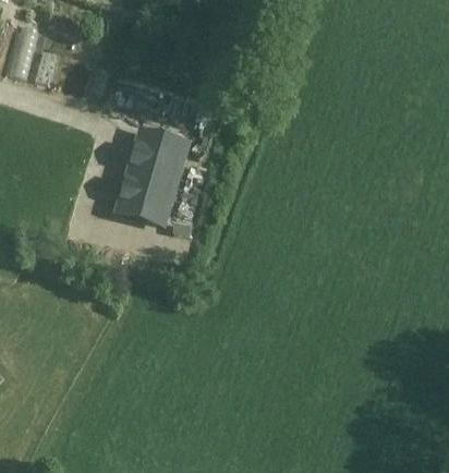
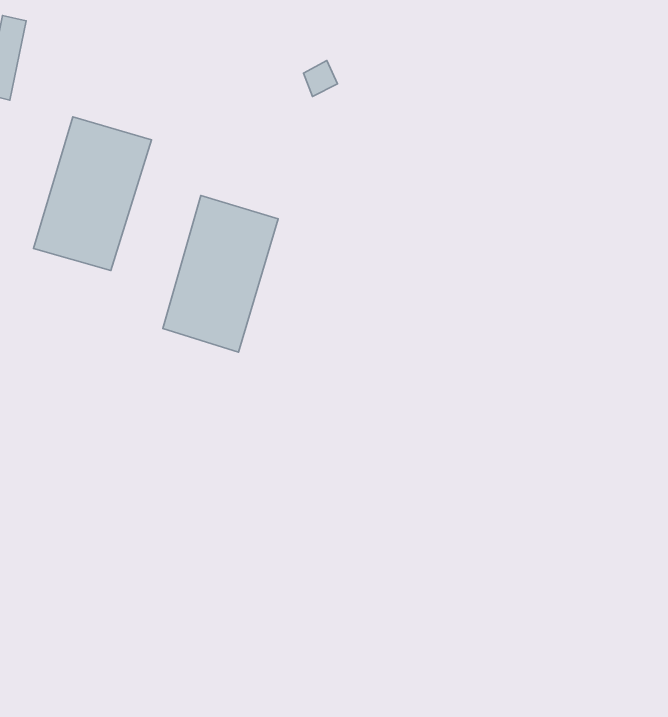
building: none -> [34,117,152,271]

